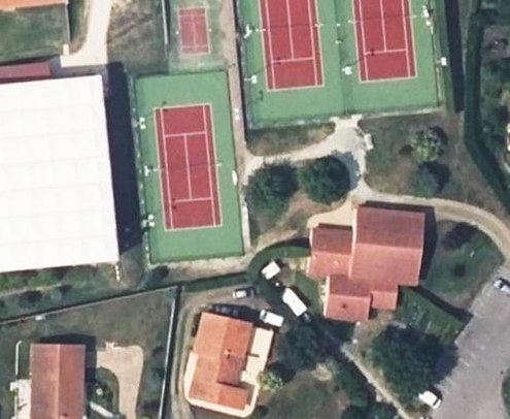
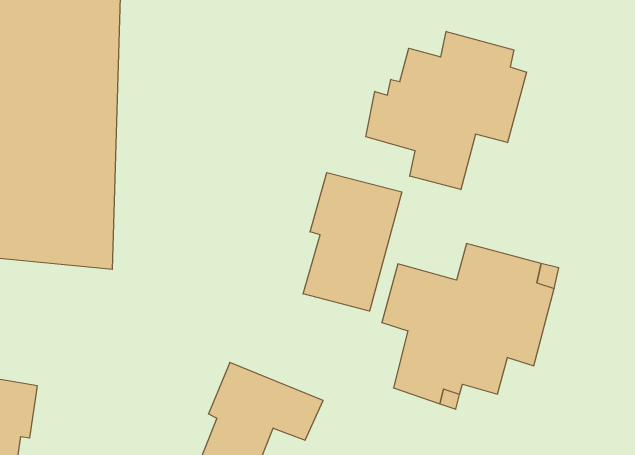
building: none -> [366,31,527,190]
building: none -> [303,173,402,311]

